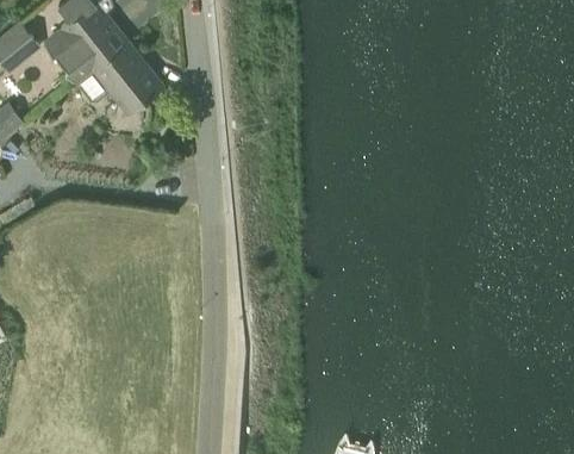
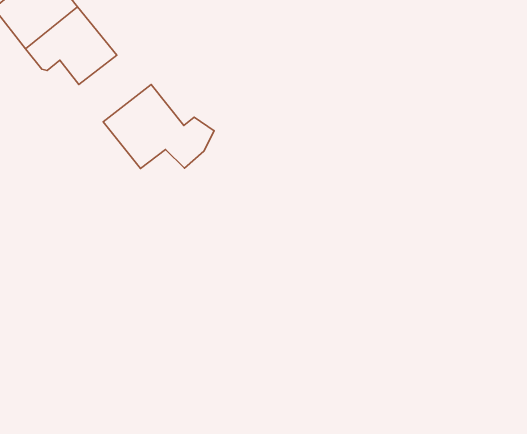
building: none -> [103,84,214,168]

